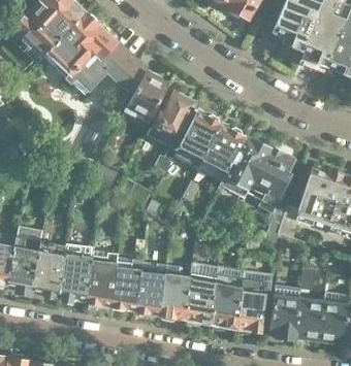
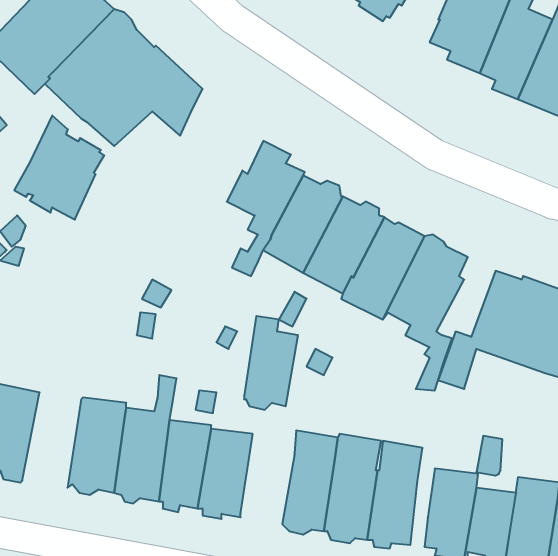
building: [115,60,168,122] -> [14,115,104,220]
building: [30,205,65,298] -> none
building: [160,265,192,321] -> [244,316,298,410]

